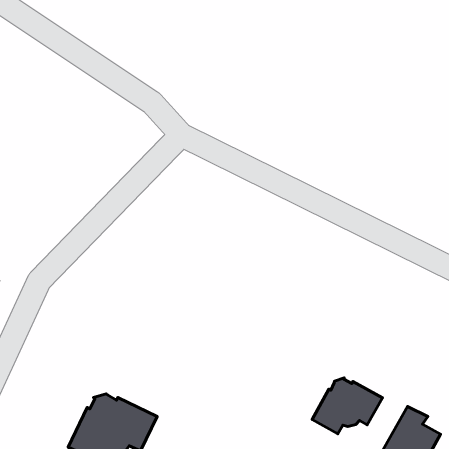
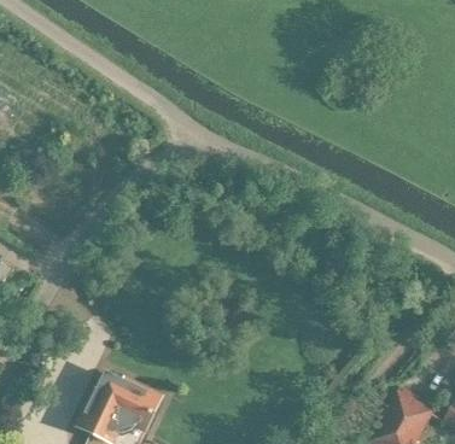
building: [312,378,383,434] -> none

